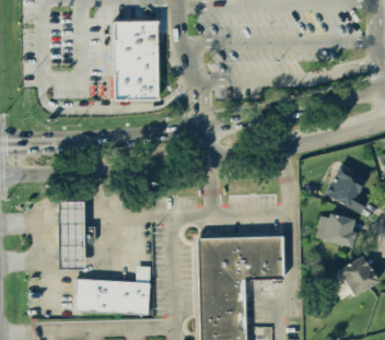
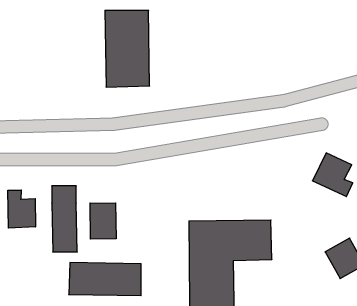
building: none -> [8,190,35,228]
building: [318,213,357,245] -> none
building: none -> [90,203,116,239]

